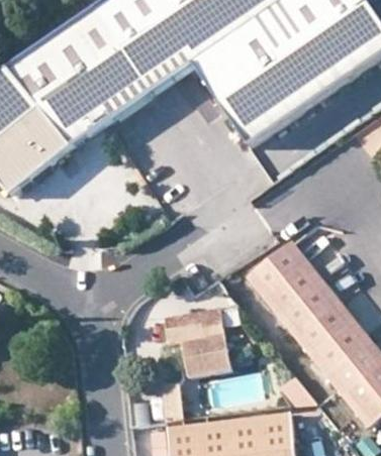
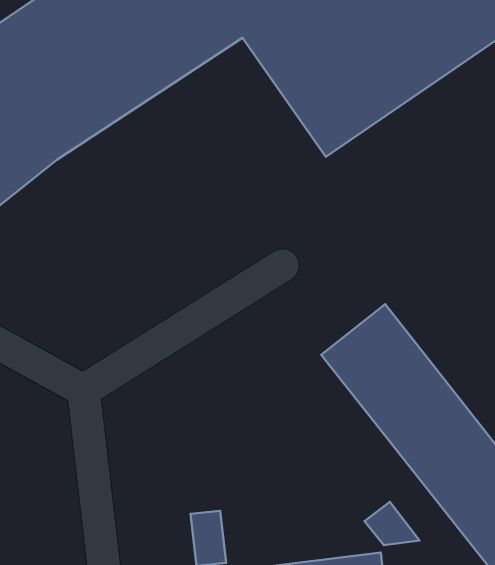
building: [166,309,229,374] -> none

